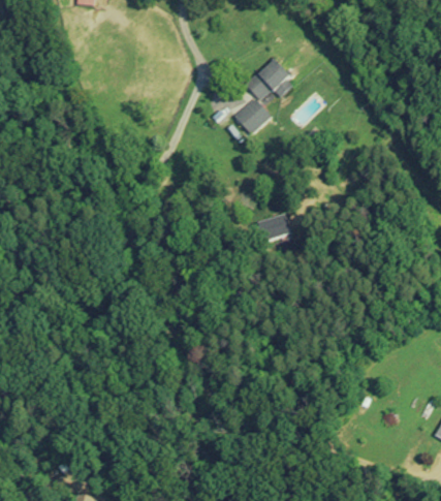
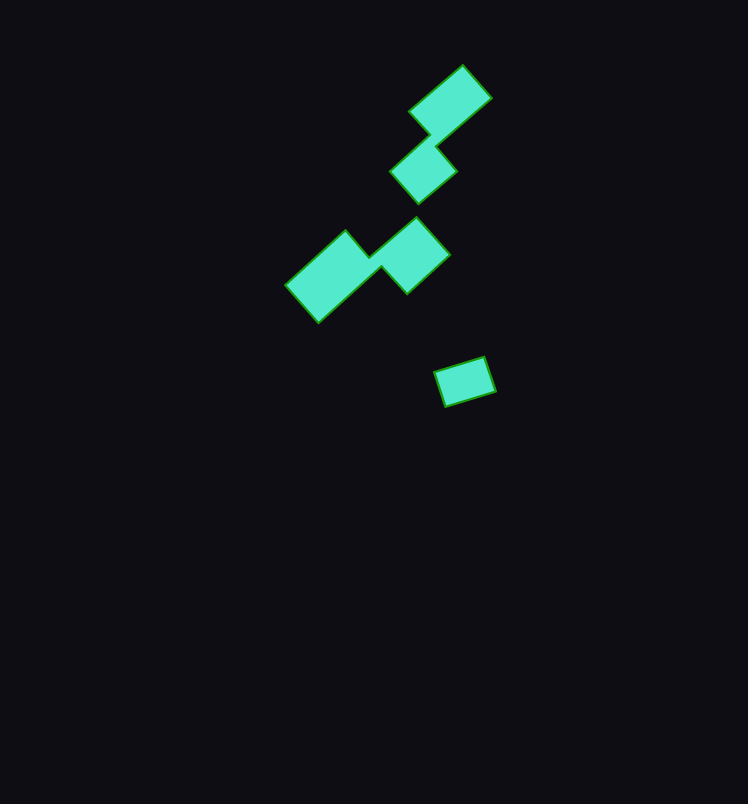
building: none -> [285,217,450,323]

